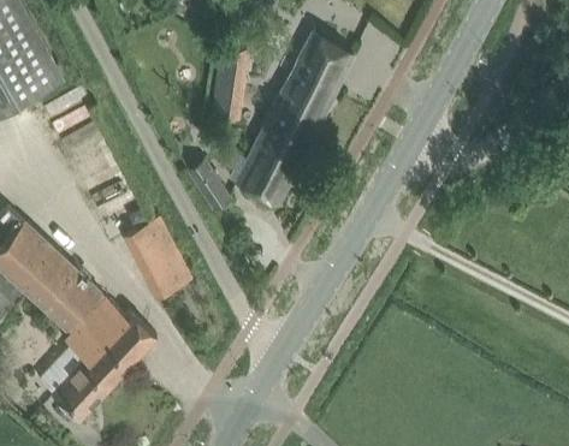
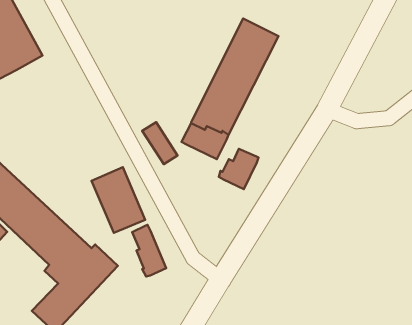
building: [211,47,245,124] -> none
building: none -> [219,149,259,189]
building: none -> [132,225,166,277]

